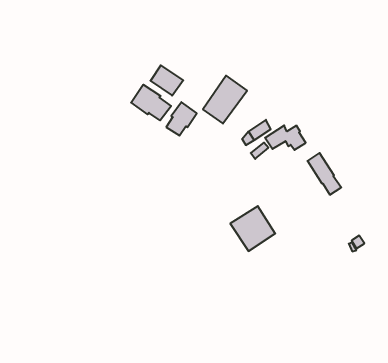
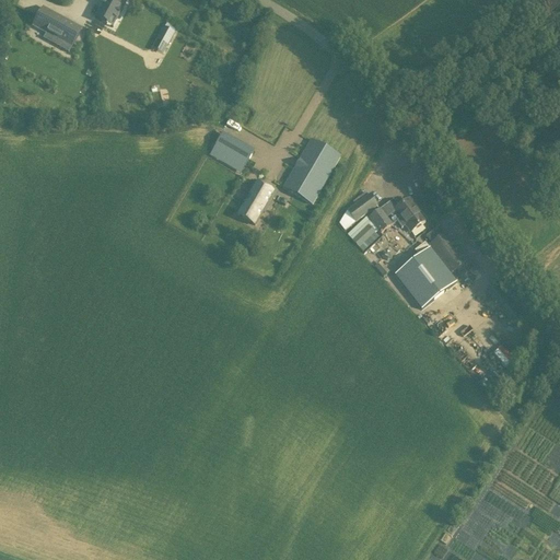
building: [131,85,171,120] -> none
building: [230,206,275,251] -> [393,244,454,305]

